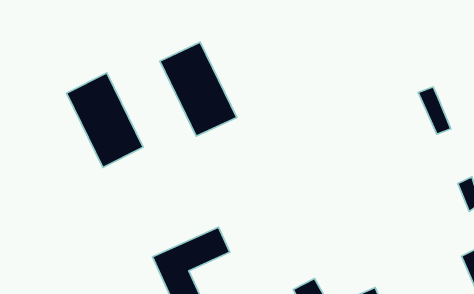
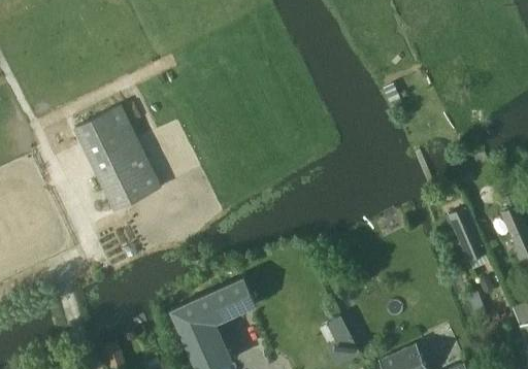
building: [160,42,237,136] -> none
building: [418,87,451,134] -> [449,208,485,261]

